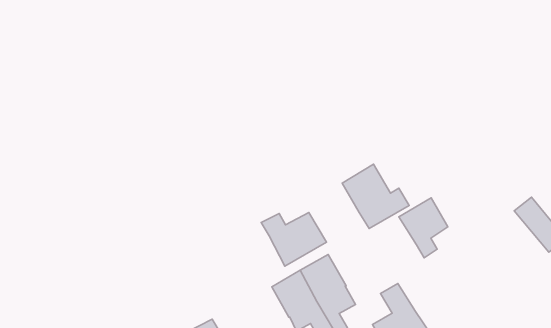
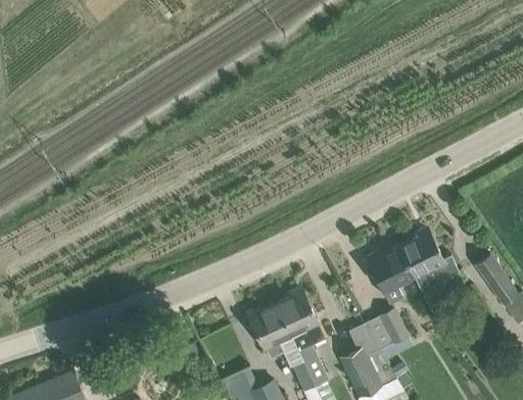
building: [342,164,409,229] -> [400,232,460,290]
building: [261,213,327,266] -> none
building: none -> [365,307,413,353]

